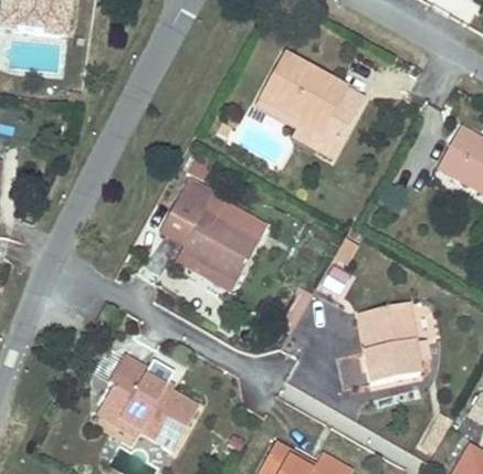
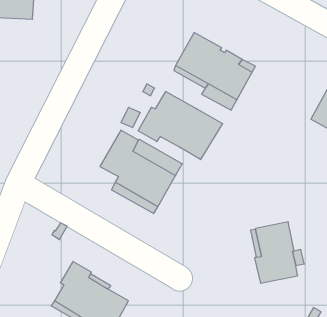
building: none -> [138,91,223,160]

